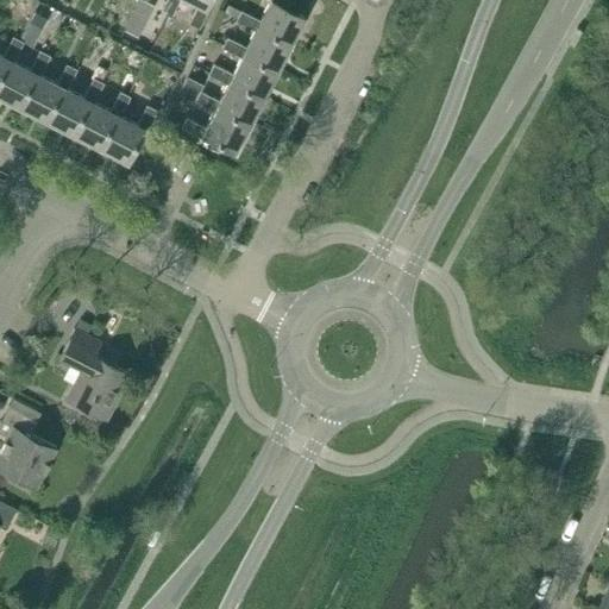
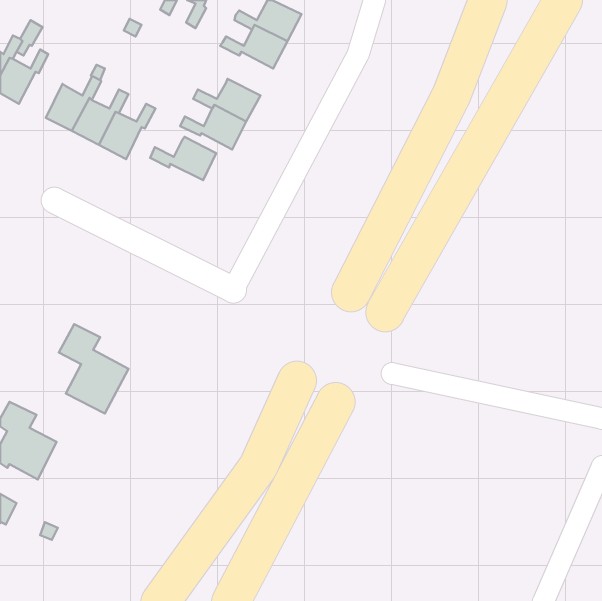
building: [209,54,276,98] -> [150,137,216,180]
building: [19,64,76,120] -> none

